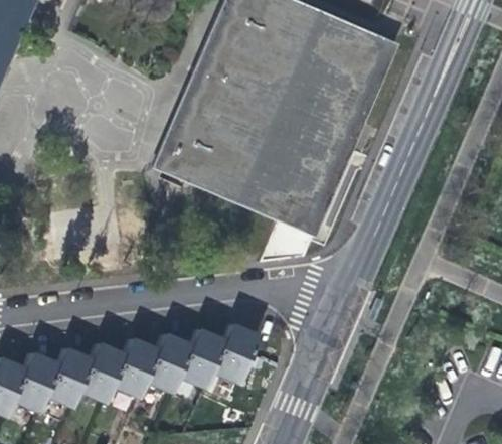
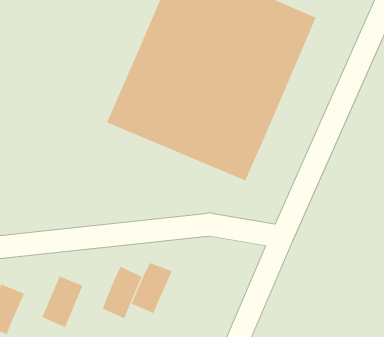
building: [214,323,262,381] -> none
building: [114,338,161,398] -> none
building: [46,348,93,406] -> none

